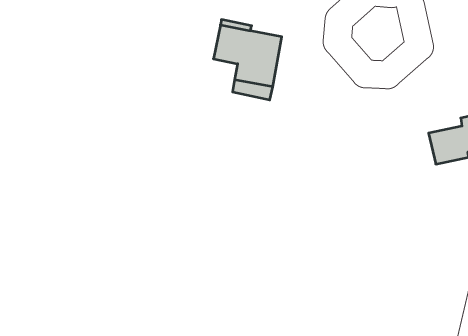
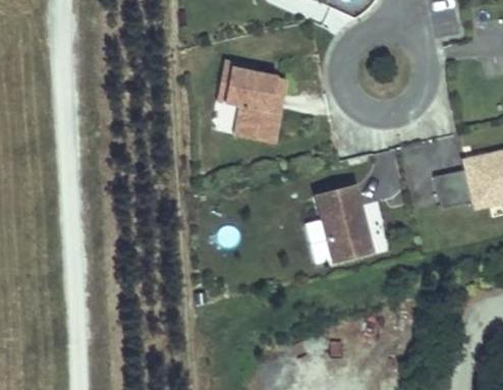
building: none -> [318,186,372,260]

